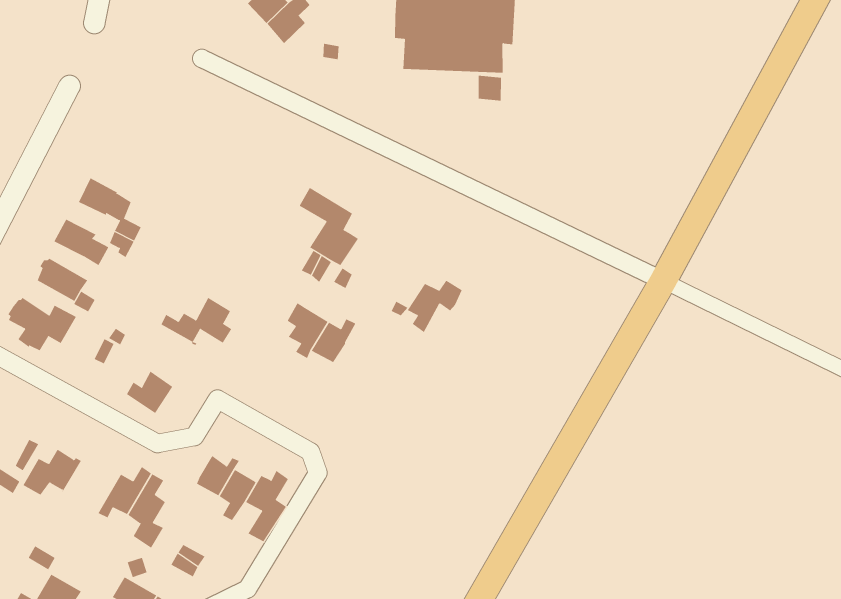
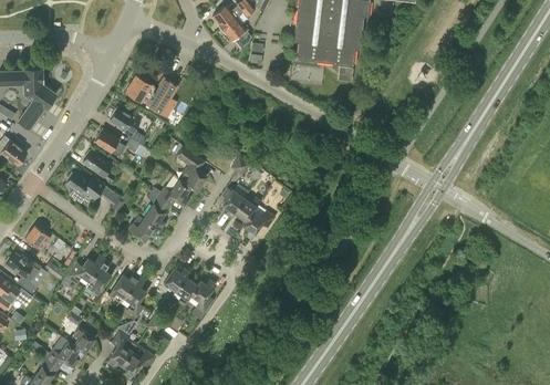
building: none -> [125,75,178,118]
building: [299,187,359,266] -> [175,146,207,191]
building: [407,280,463,333] -> [242,210,274,239]
building: none -> [143,192,167,230]
building: none -> [85,257,112,304]

